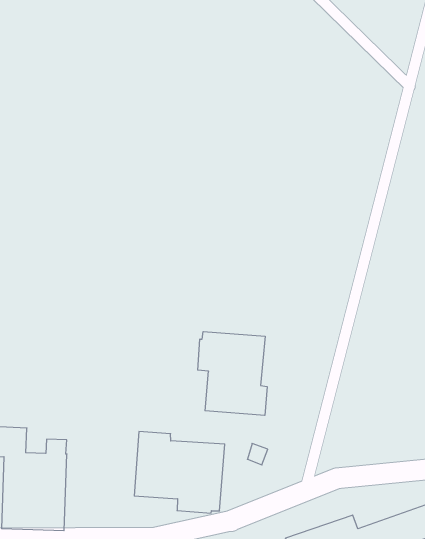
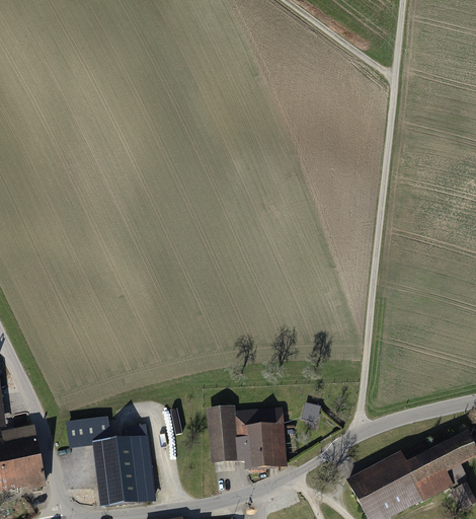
building: [198,332,267,415] -> none

